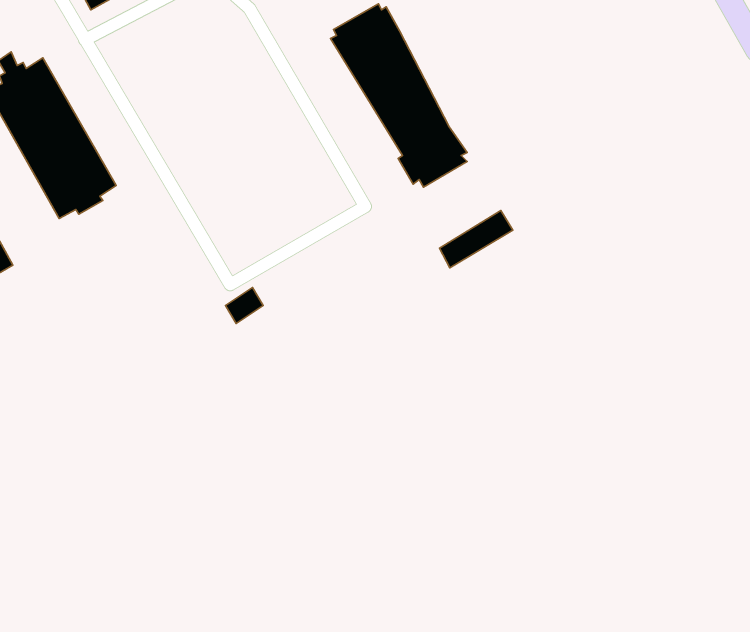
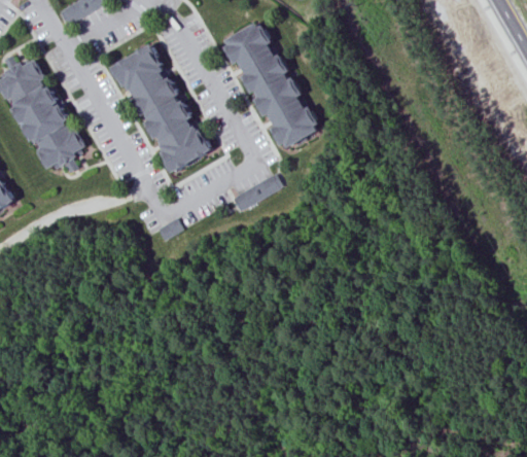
building: none -> [108,43,210,174]
building: [439,211,513,268] -> [237,172,287,211]

